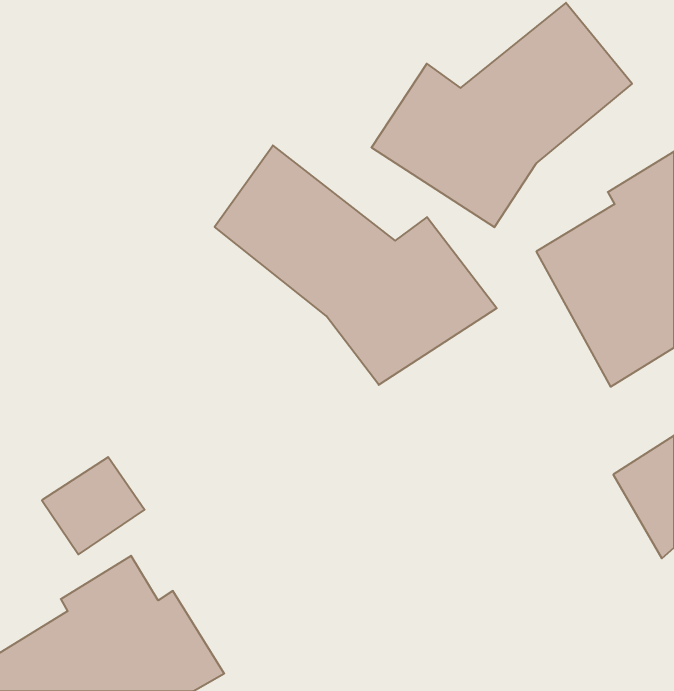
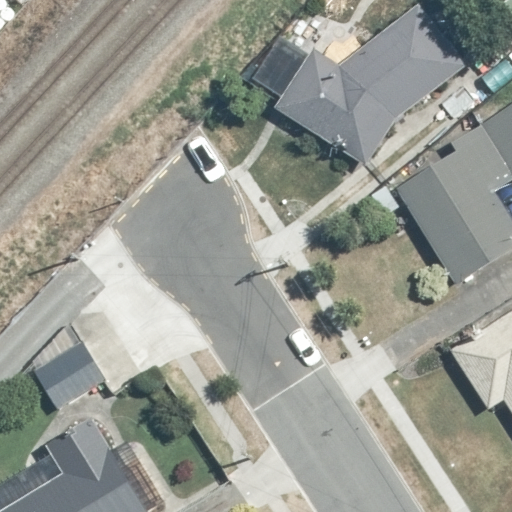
building: [215,145,497,385] -> none

